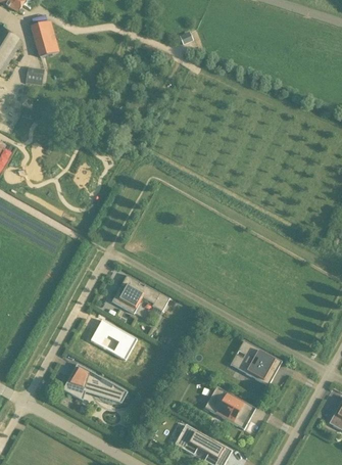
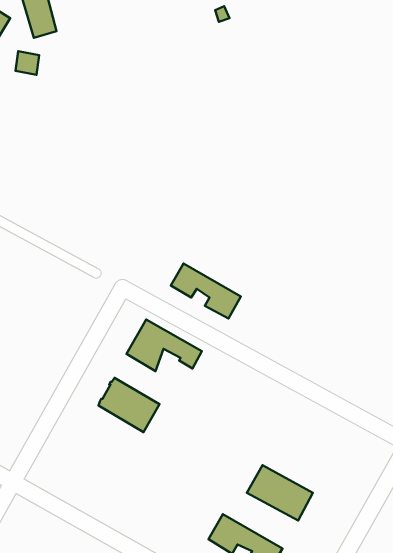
building: none -> [171,264,241,319]
building: [237,339,282,385] -> none
building: [62,364,128,403] -> none

